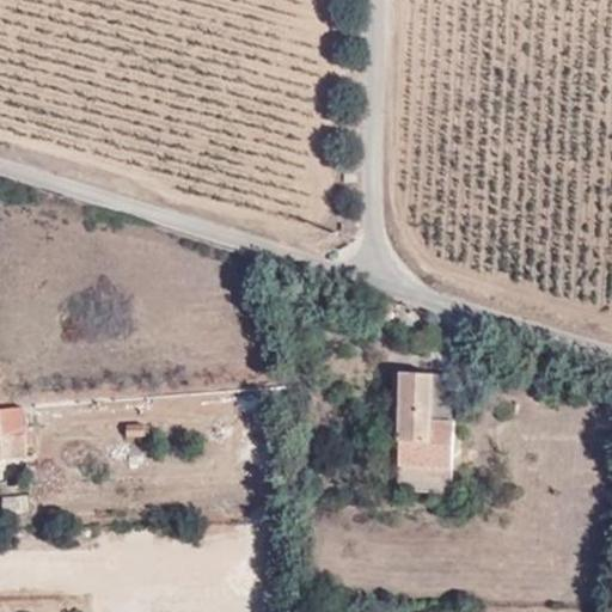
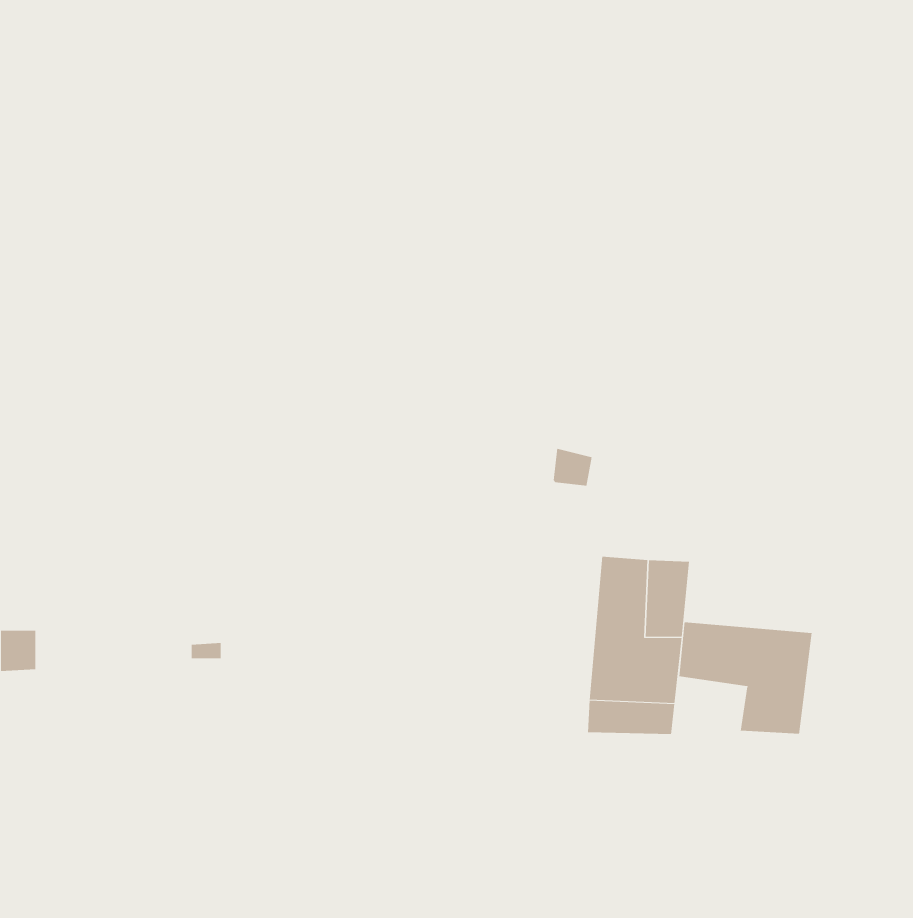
building: none -> [679,621,812,735]

